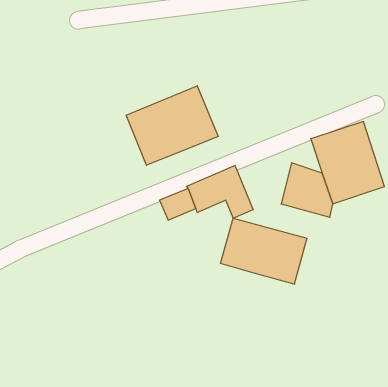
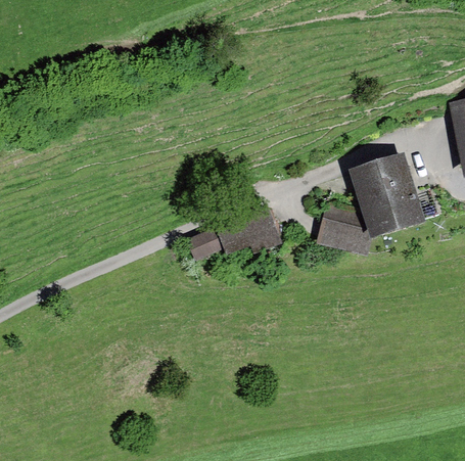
building: [126,86,218,165] -> none
building: [220,218,307,284] -> none

